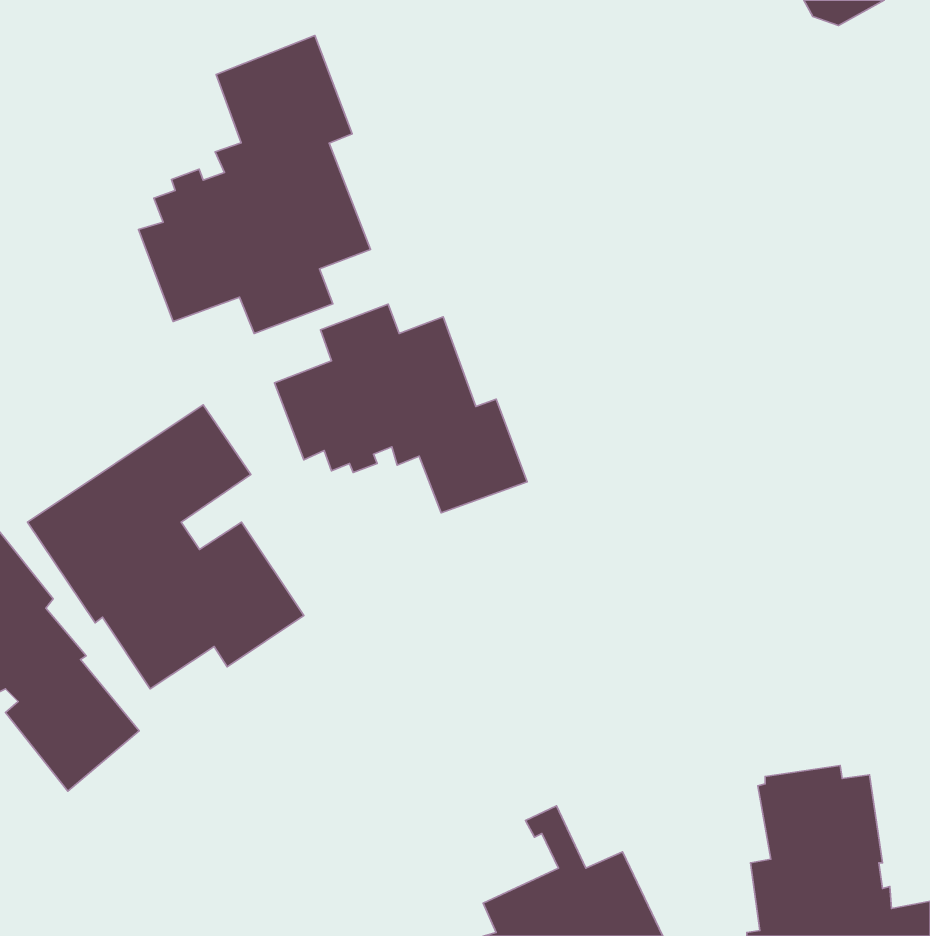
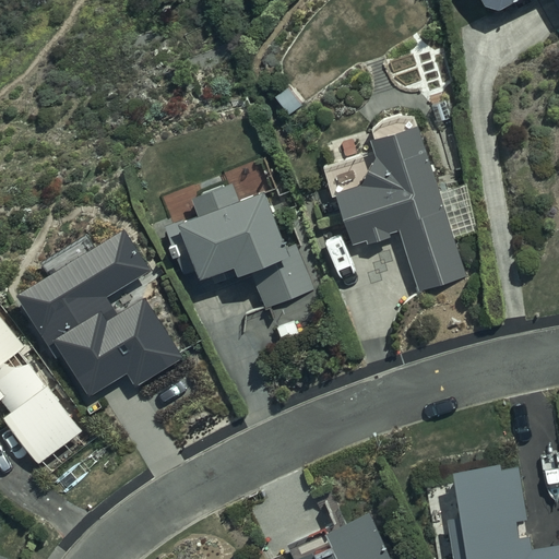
building: [139,35,370,334] -> none
building: none -> [324,114,466,288]

